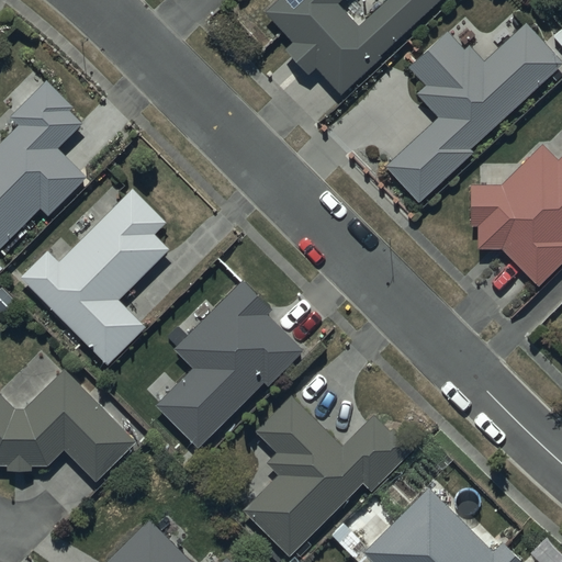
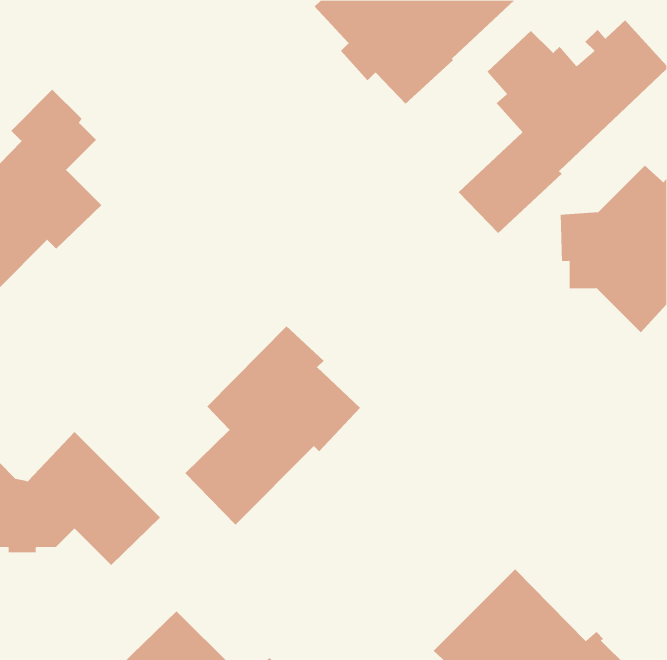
building: [20,190,168,364] -> none
building: [243,395,413,557] -> none

